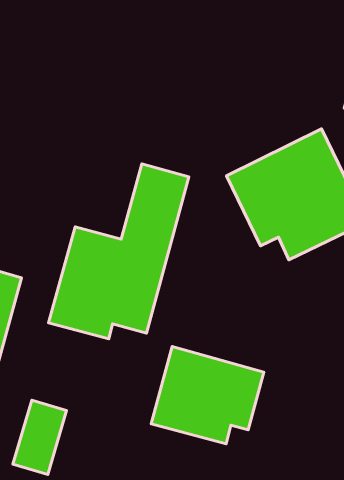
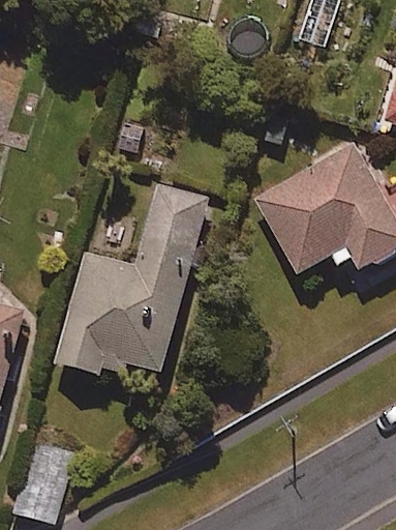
building: [151,347,264,444] -> none

